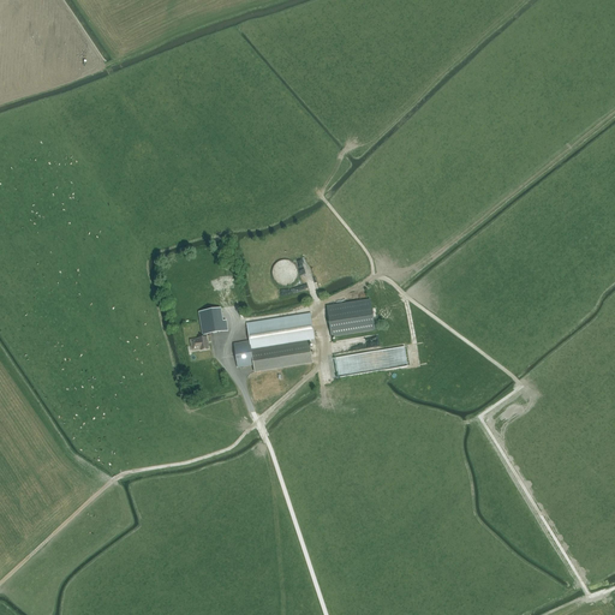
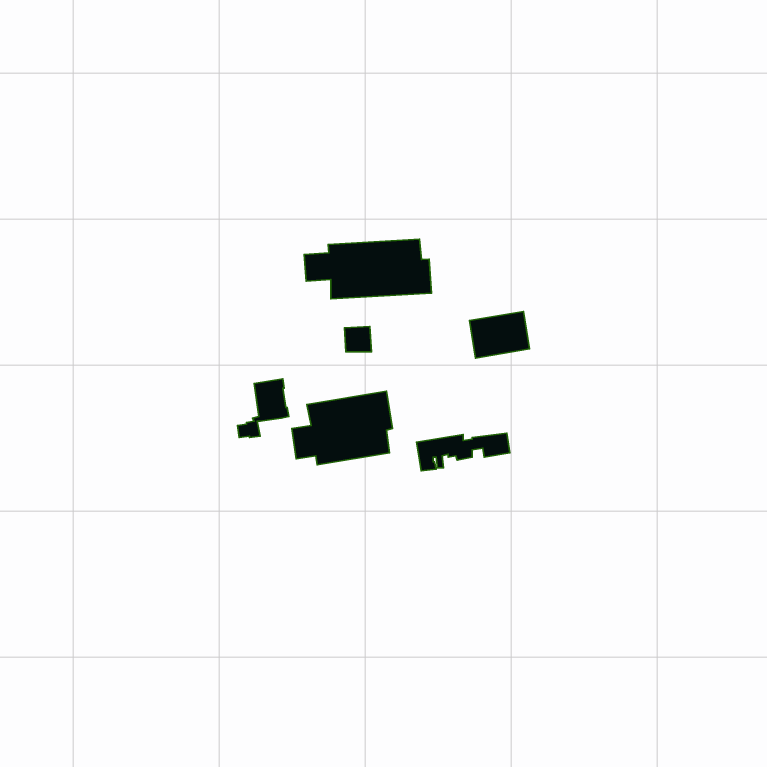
building: none -> [304,239,432,299]
building: [326,299,374,336] -> [469,311,529,358]

